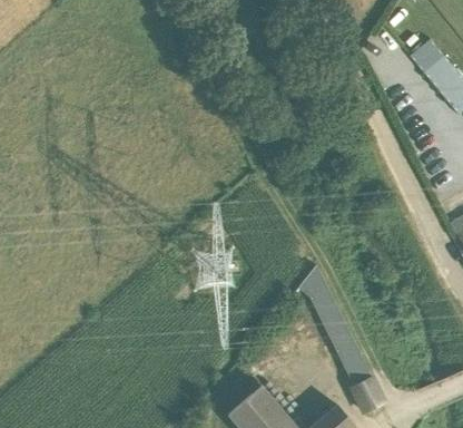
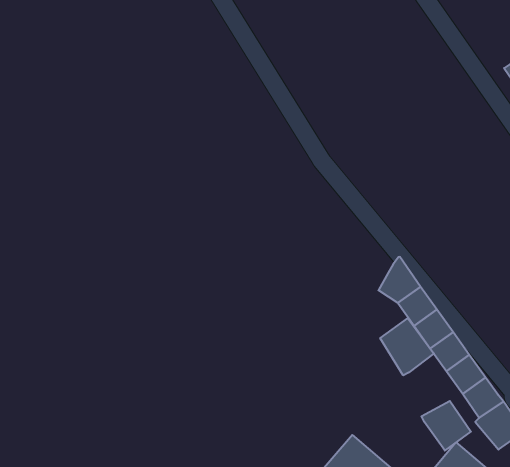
building: none -> [380,318,434,375]
building: none -> [421,401,471,451]

